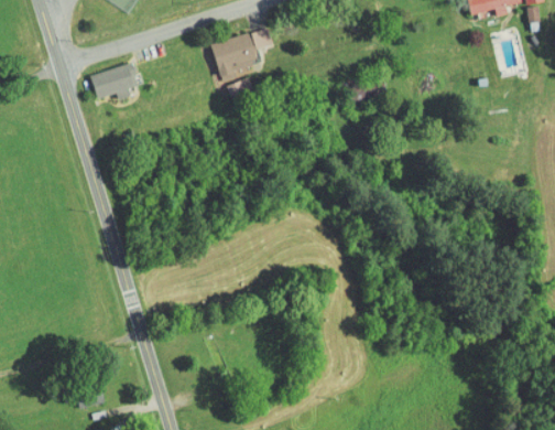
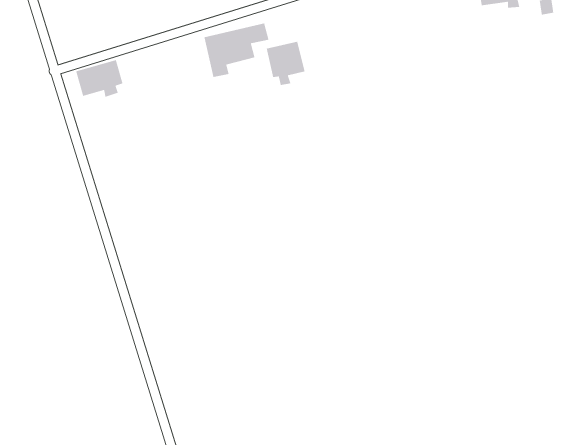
building: none -> [266,41,305,86]

